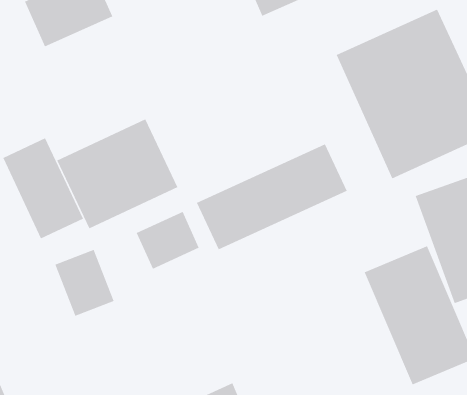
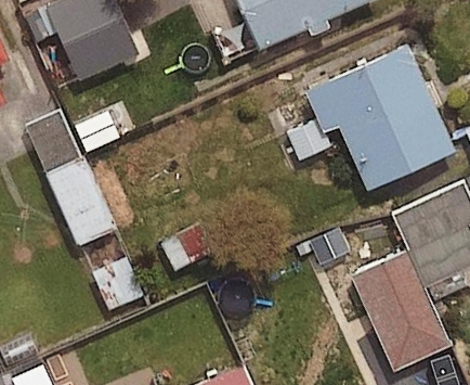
building: [56,118,178,229] -> none
building: [196,144,348,250] -> none

